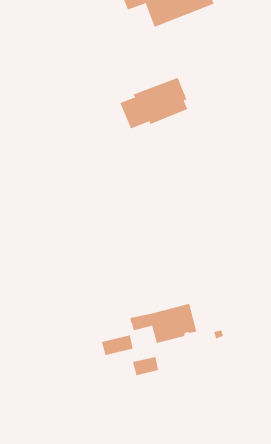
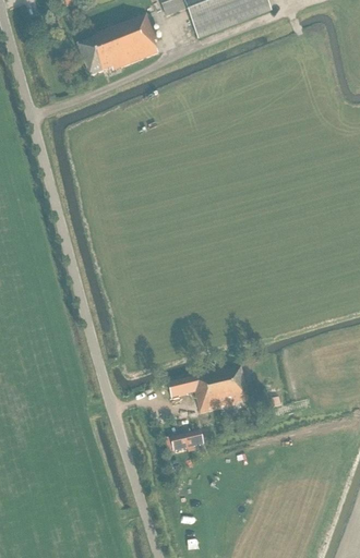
building: [120,77,188,129] -> [76,15,158,77]
building: [101,334,133,356] -> none

